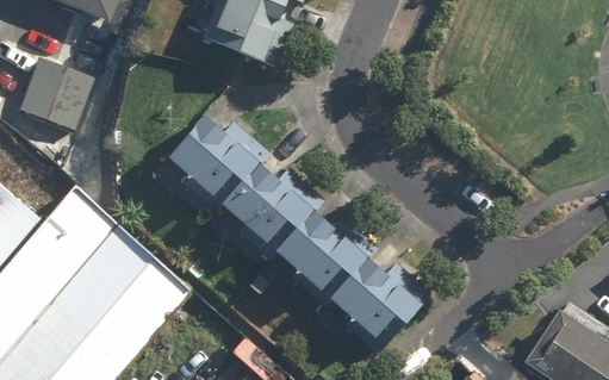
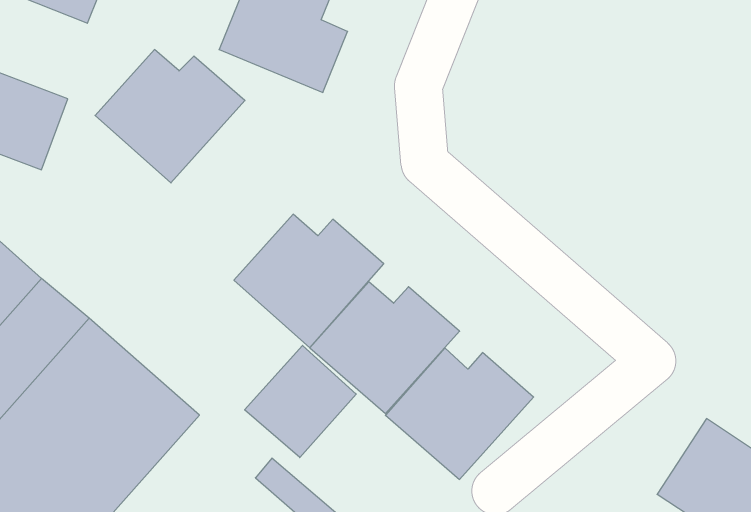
building: [160,110,268,206] -> [95,50,245,183]
building: none -> [245,345,356,458]

